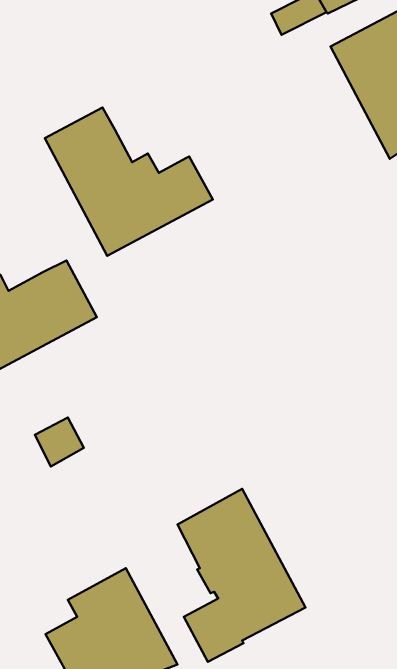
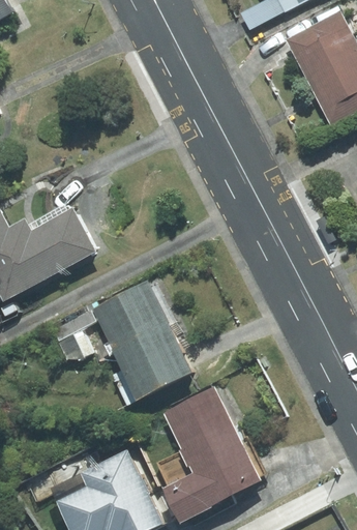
building: [45,108,213,256] -> none
building: none -> [92,279,196,400]

